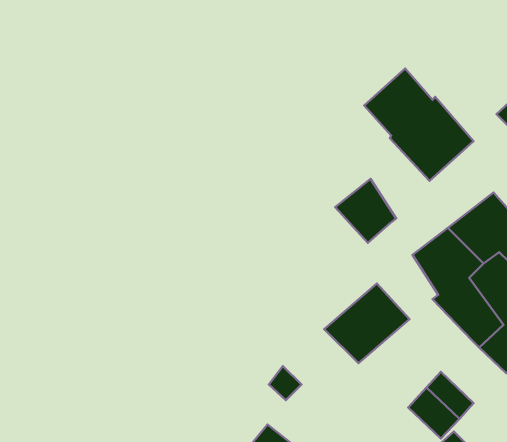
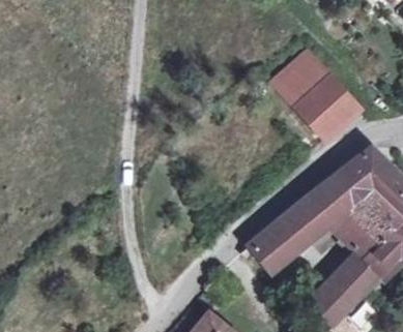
building: [335,179,396,243] -> [286,191,330,238]
building: none -> [333,255,376,299]

